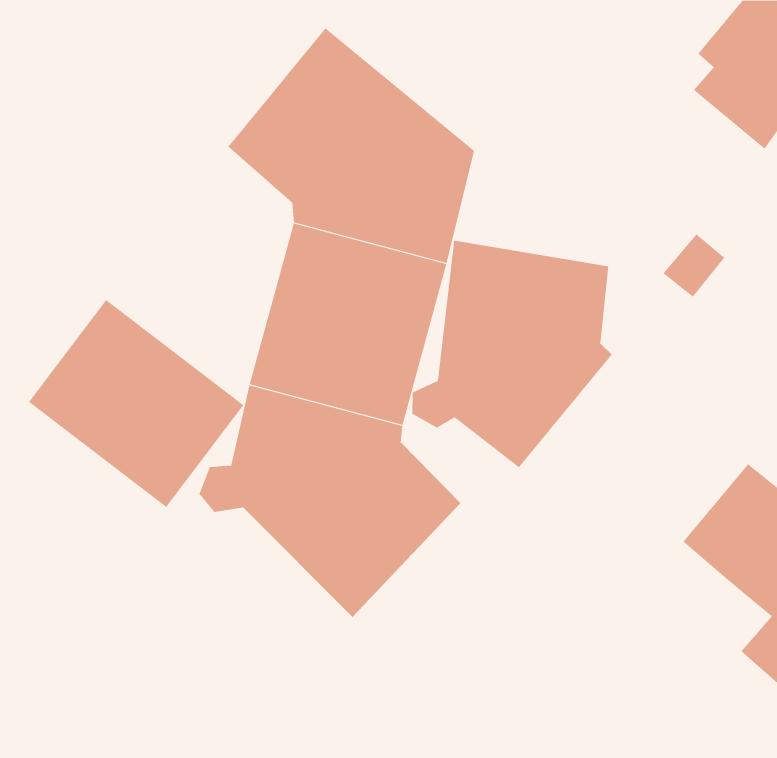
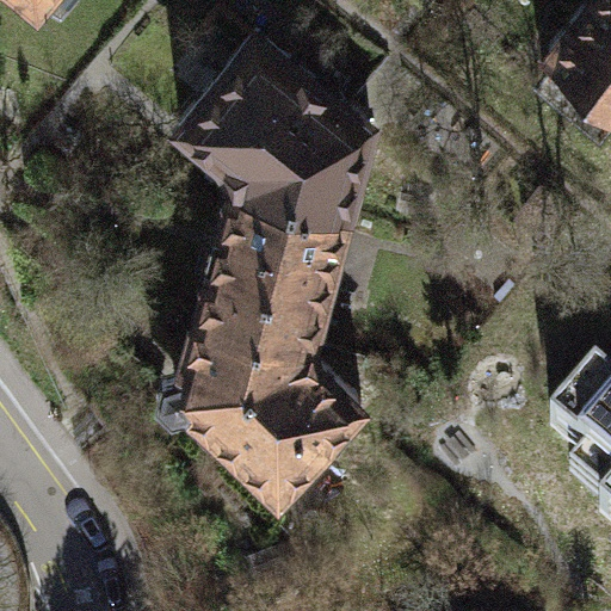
building: [412,240,612,468] -> none
building: [28,299,244,508] -> none

